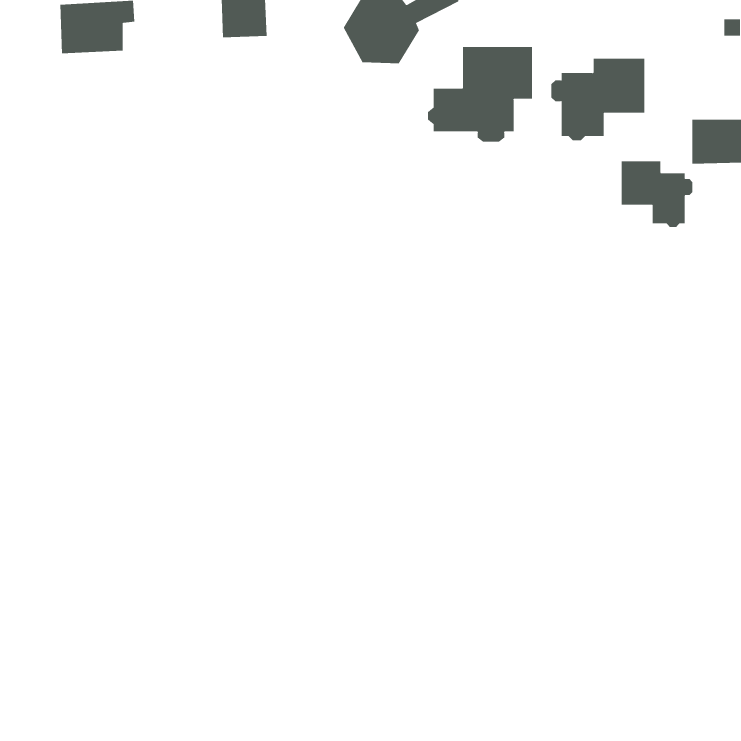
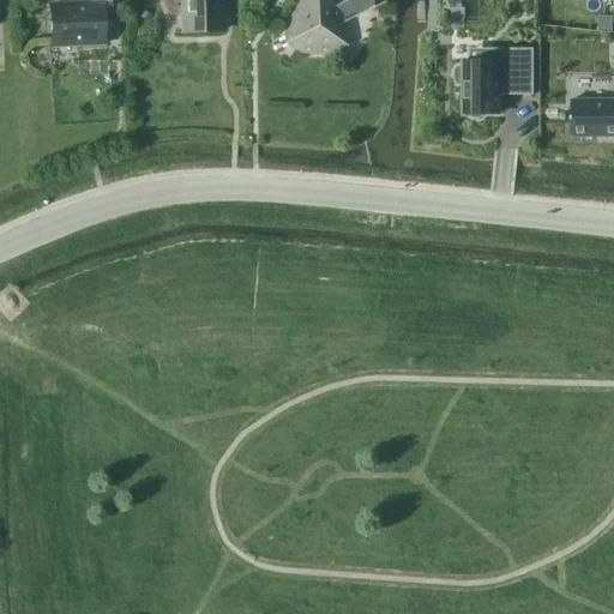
building: [428,46,532,143] -> none
building: [621,161,693,228] -> none

